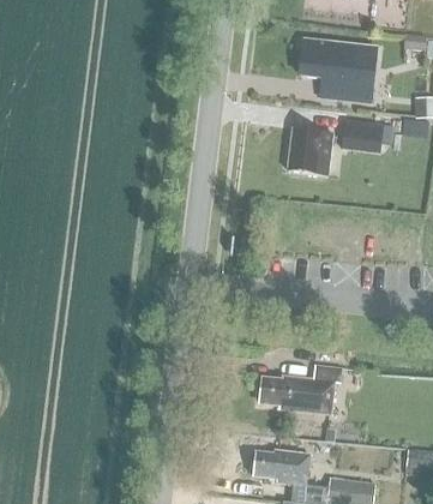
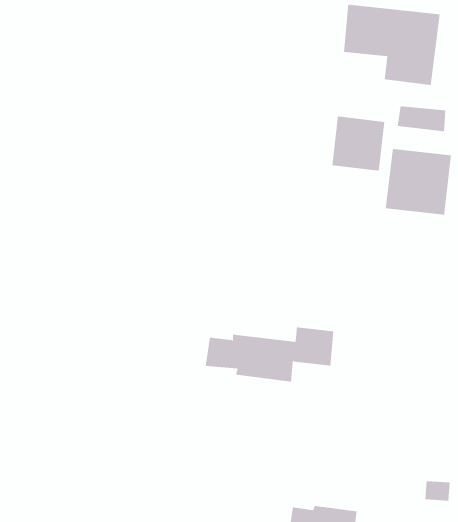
building: none -> [385,148,452,216]
building: [258,371,365,416] -> [205,327,334,382]

